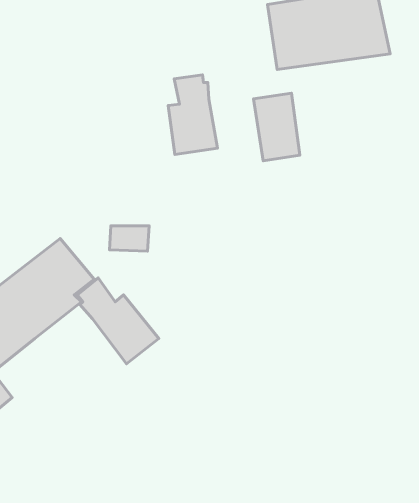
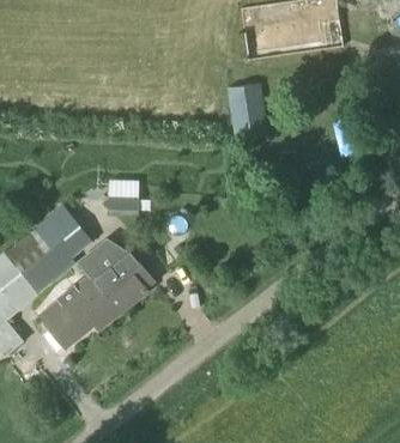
building: [168,75,217,155] -> none
building: none -> [40,274,120,347]

